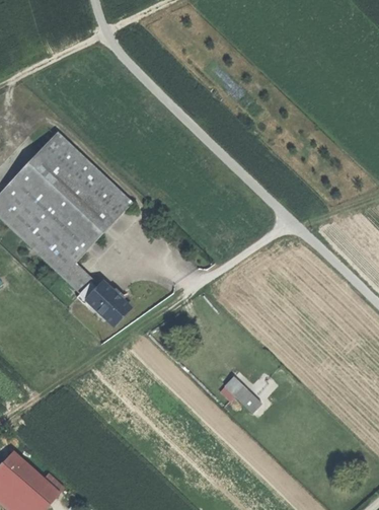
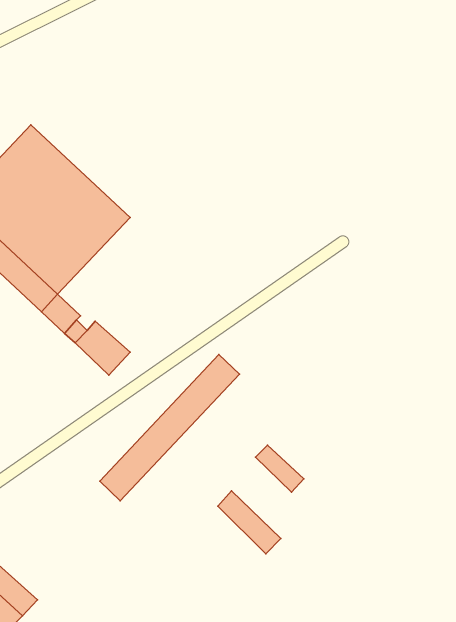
building: none -> [100,355,239,501]
building: none -> [218,491,281,554]

